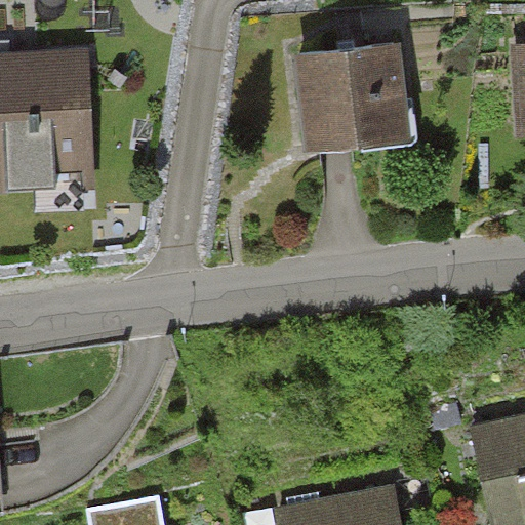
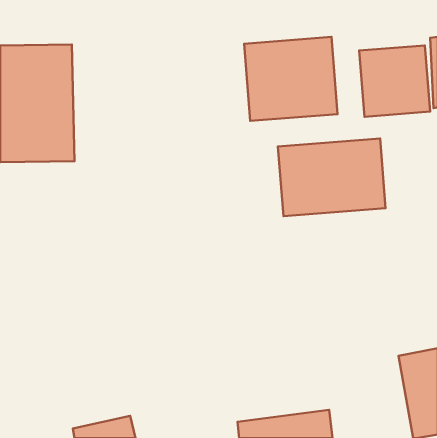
building: none -> [359,45,430,117]
building: none -> [278,139,386,216]

